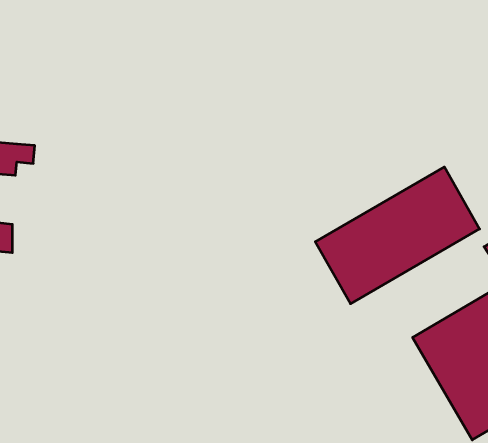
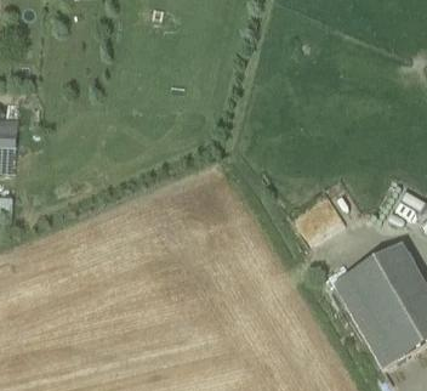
building: [315,167,480,304] -> none

